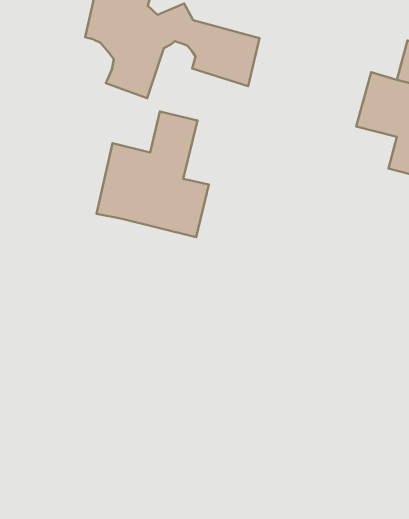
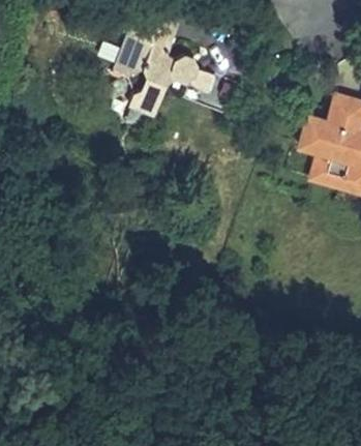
building: [97,111,209,237] -> none

